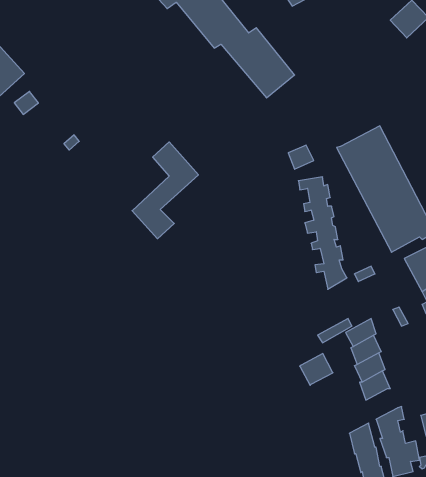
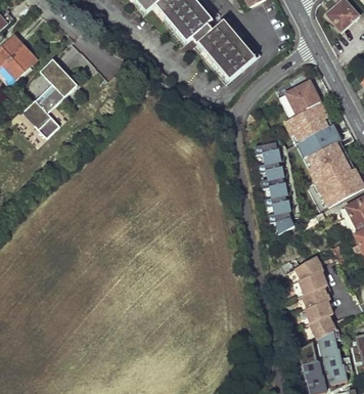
building: none -> [279,82,321,119]
building: [132,142,198,239] -> [26,56,79,134]
building: [300,354,333,385] -> [309,313,335,339]

